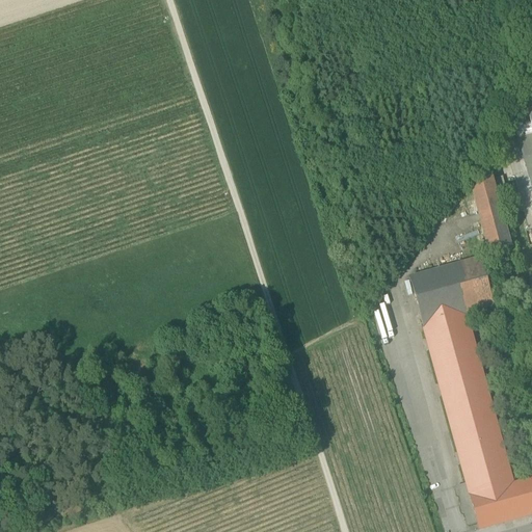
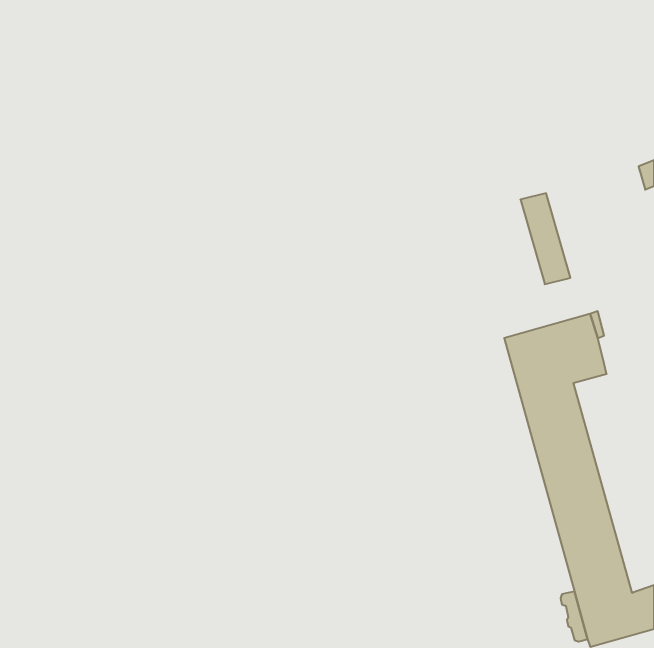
building: [470,176,510,249] -> [520,193,570,284]

